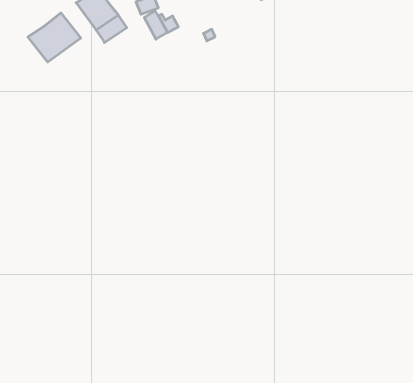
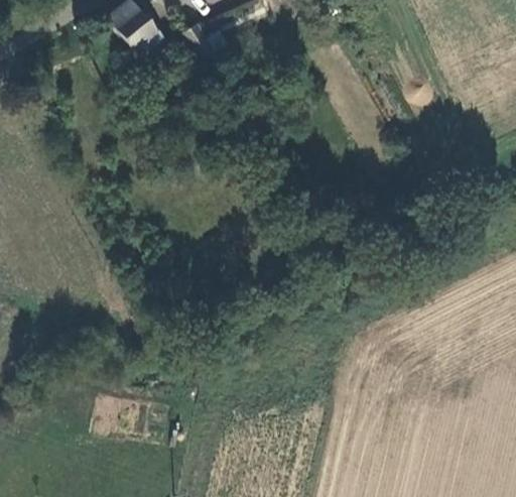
building: [28,13,81,62] -> none

